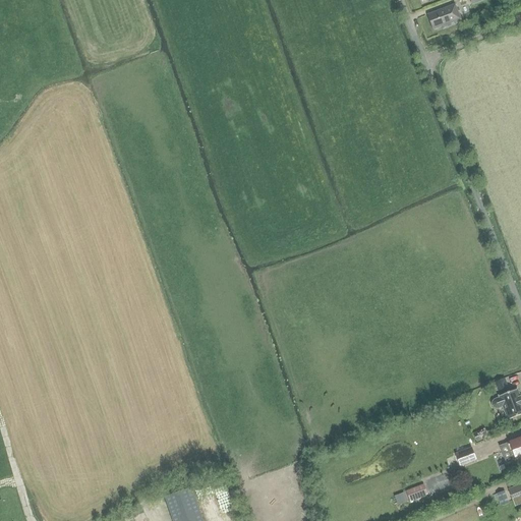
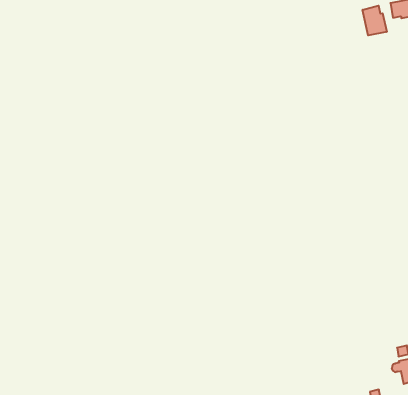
building: none -> [363,6,387,35]

